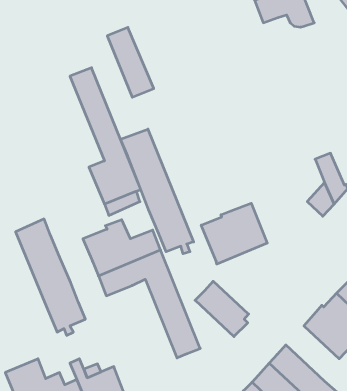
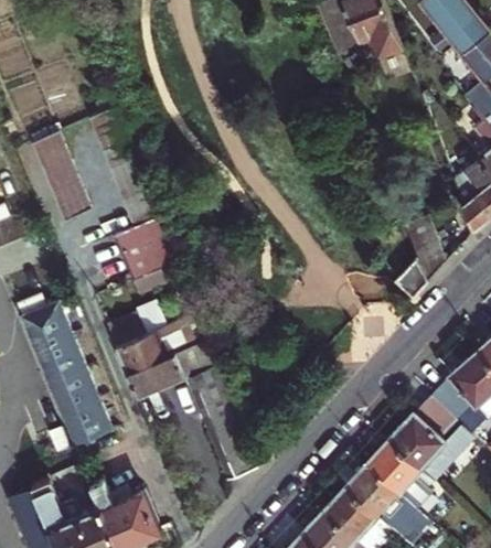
building: [107,27,154,97] -> [31,132,90,222]
building: [120,129,194,254] -> none
building: [201,203,267,264] -> none
building: [195,281,249,337] -> [366,438,435,508]

